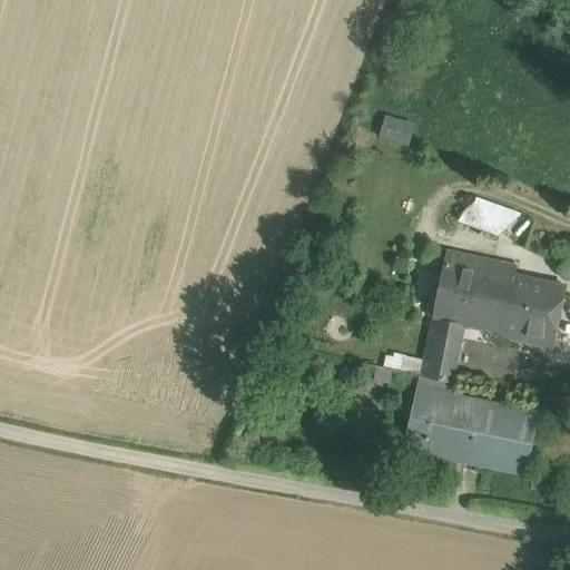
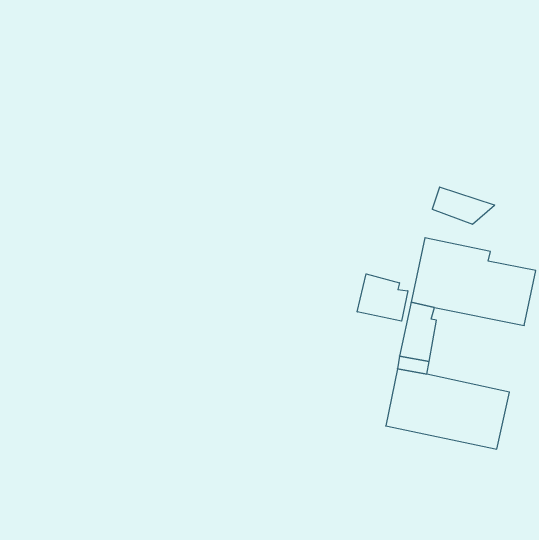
building: [379,115,414,145] -> none
building: none -> [357,274,408,321]

